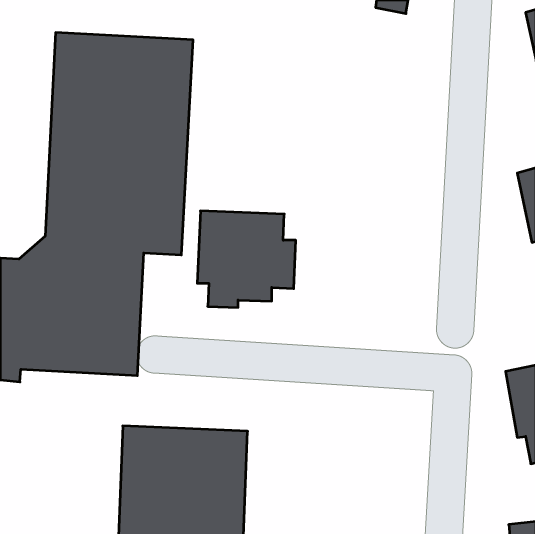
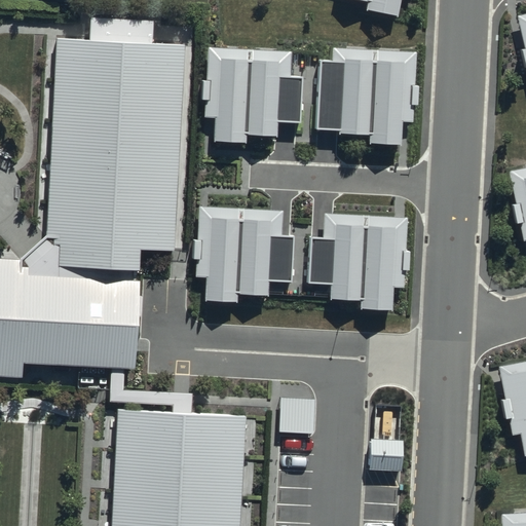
building: none -> [315,48,415,146]
building: none -> [203,49,300,144]
building: none -> [309,212,408,309]

